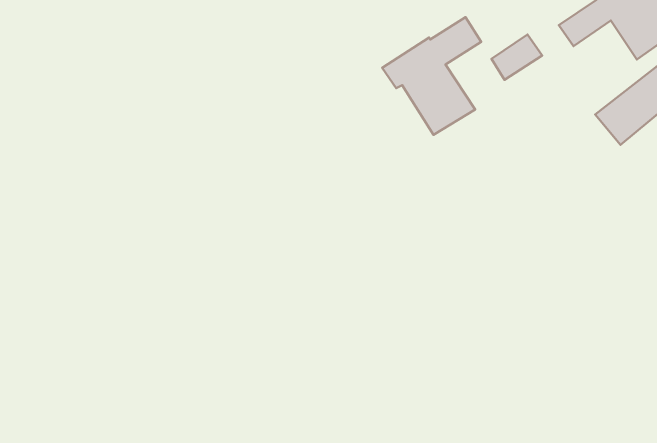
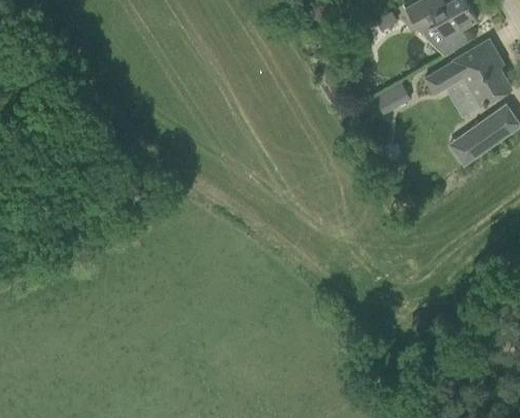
building: [382,17,481,135] -> none

